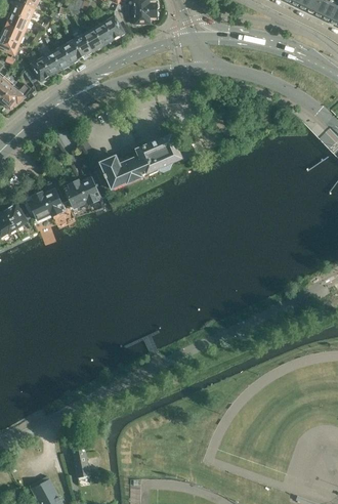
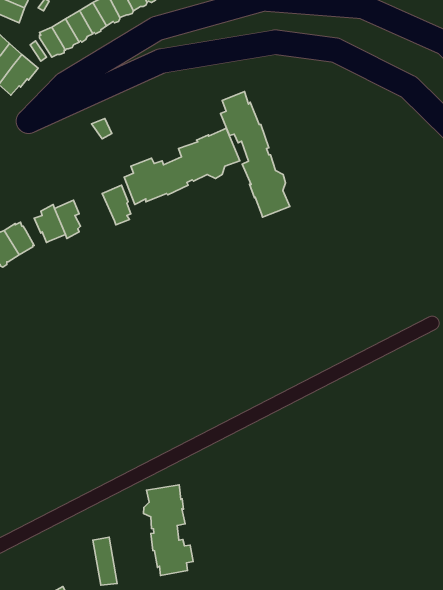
building: none -> [220,91,290,217]
building: [64,179,87,209] -> none
building: none -> [144,485,193,575]

